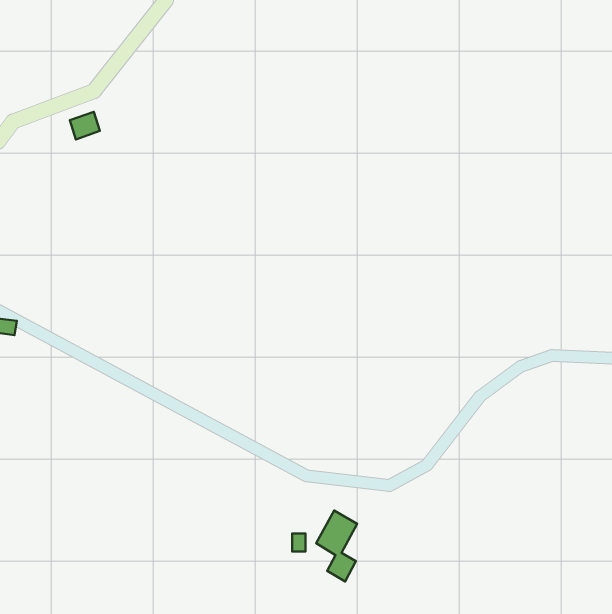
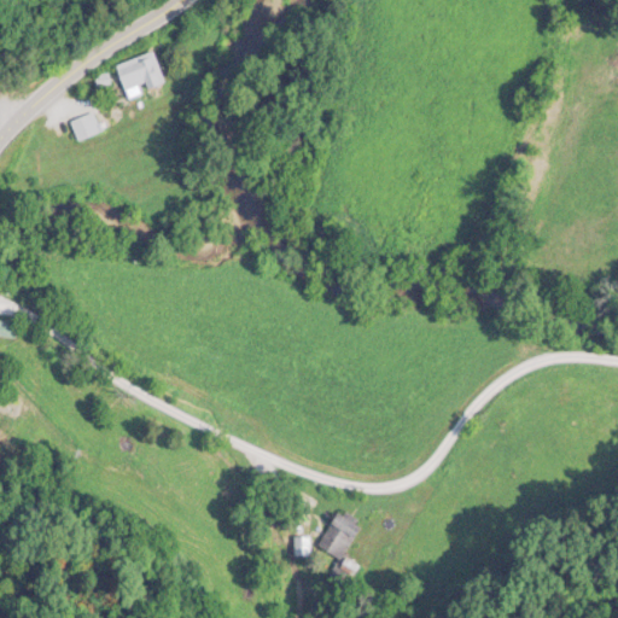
building: none -> [117,51,163,95]

